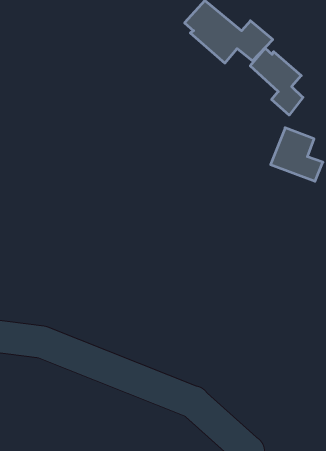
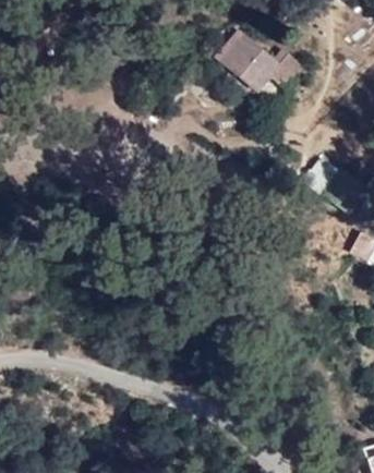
building: [250,48,303,115] -> none

